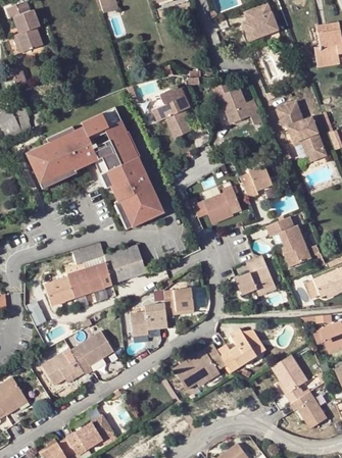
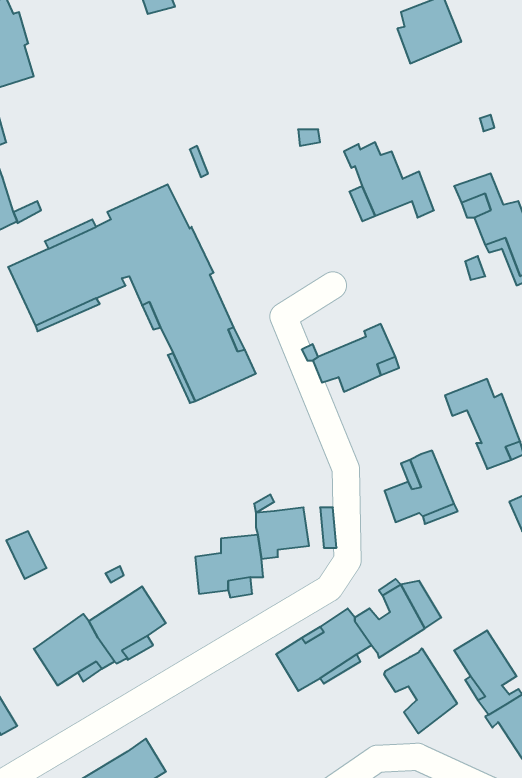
building: [151,87,191,139] -> none
building: [239,161,276,198] -> none
building: [45,243,144,304] -> none
building: none -> [384,648,457,733]

